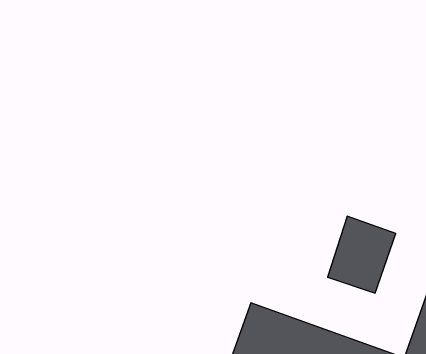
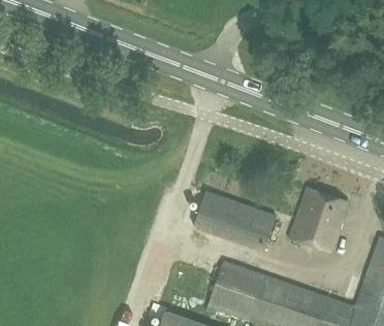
building: none -> [192,190,277,251]

